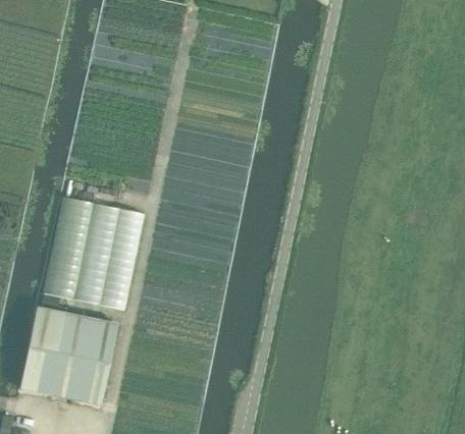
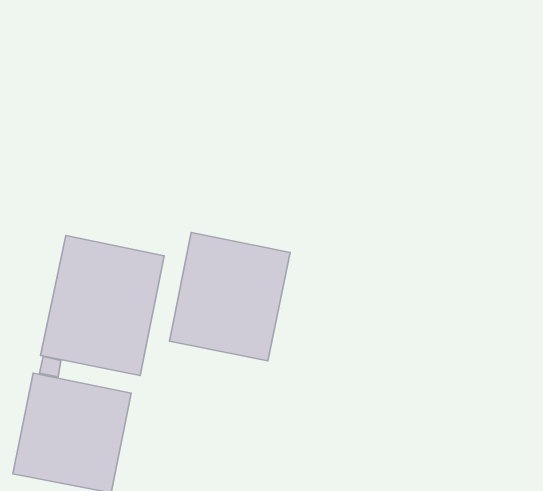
building: none -> [170,232,290,361]

